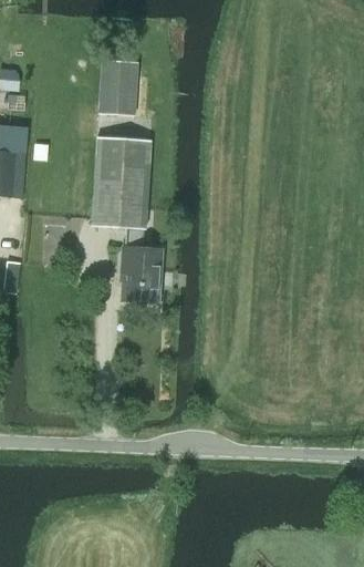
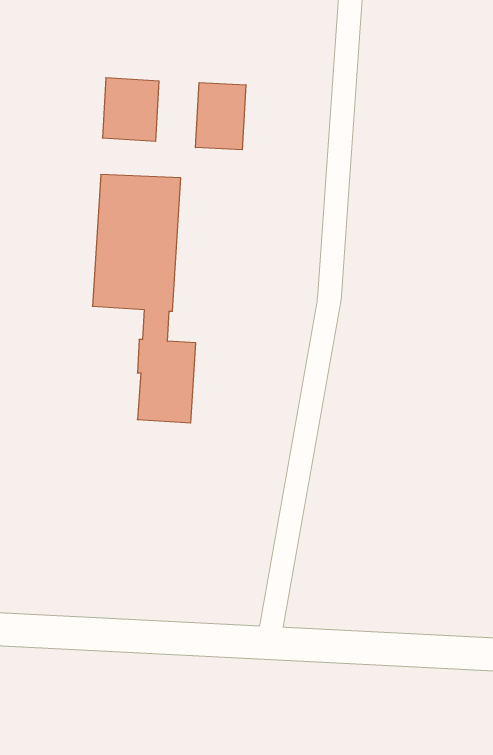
building: none -> [196,83,246,150]

